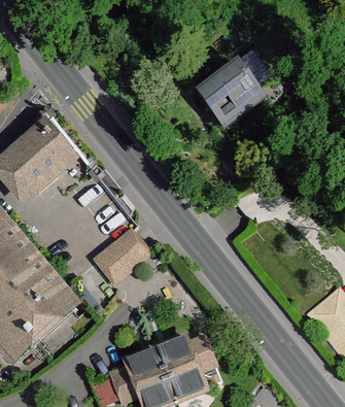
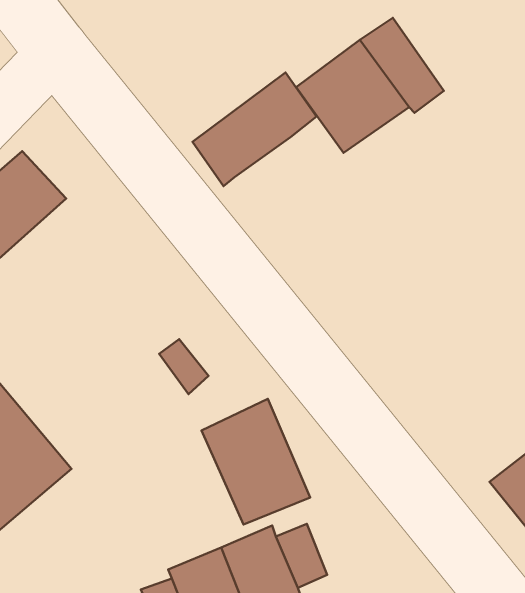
building: none -> [193,72,317,186]
building: [95,239,137,280] -> none
building: none -> [202,399,310,525]

